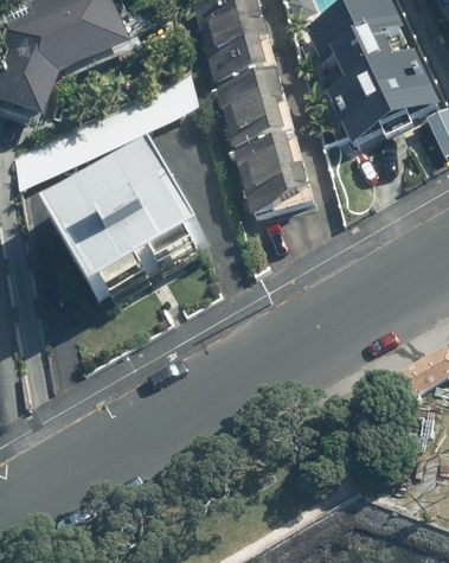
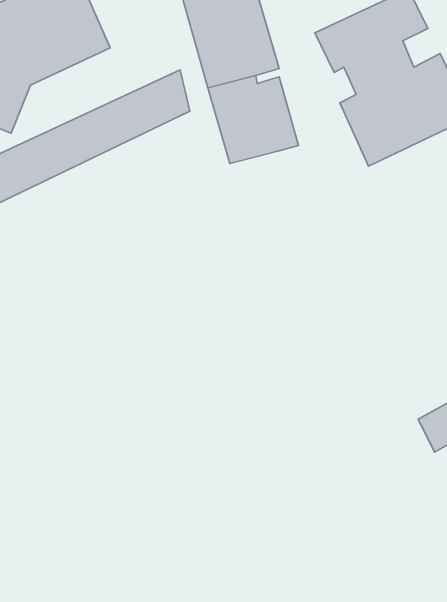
building: [232,134,310,212] -> none
building: [52,145,207,300] -> none

